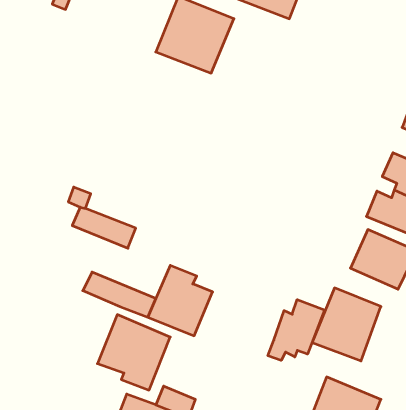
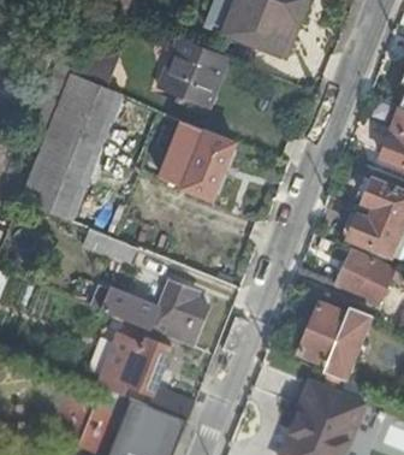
building: none -> [20,75,120,220]
building: none -> [165,130,234,196]
building: [268,300,325,360] -> none

